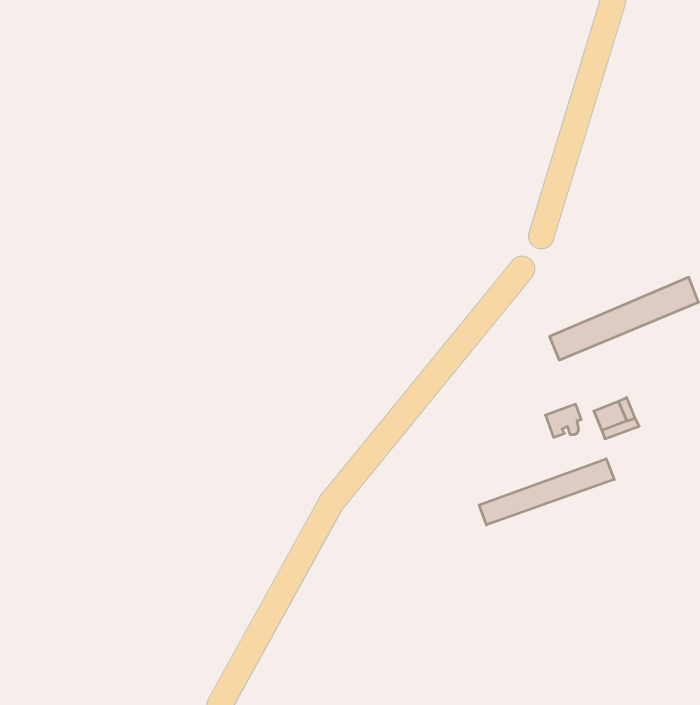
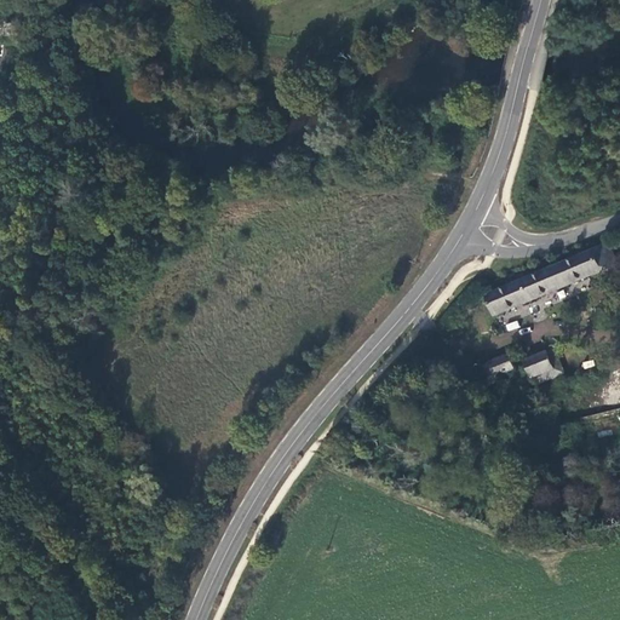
building: [479,459,614,525] -> none

